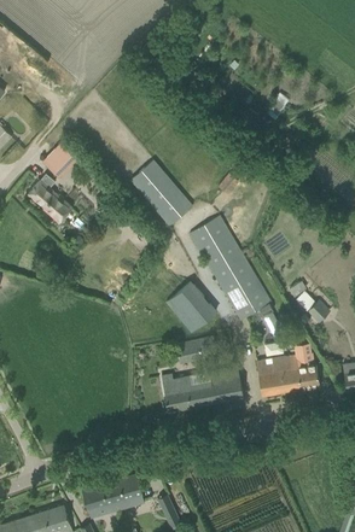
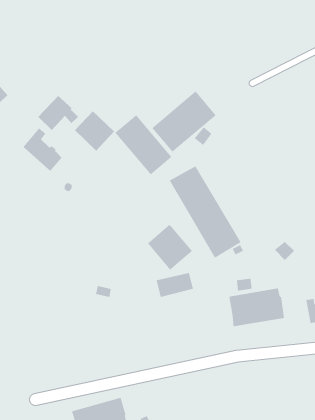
building: none -> [152,91,216,153]
building: none -> [74,110,115,151]
building: [161,367,243,411] -> none

